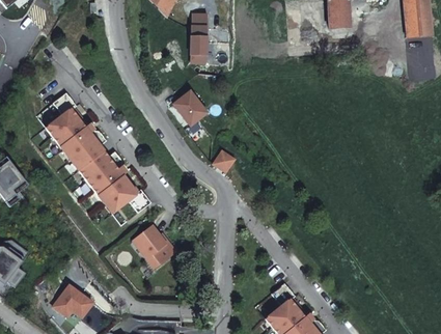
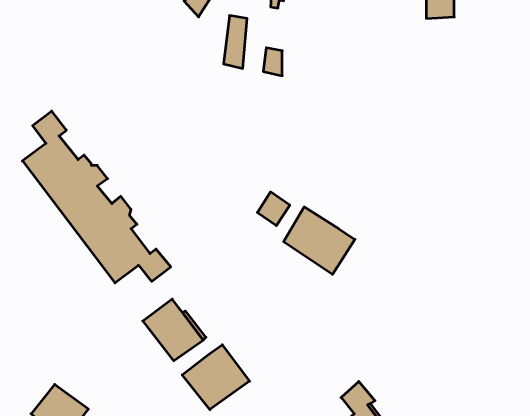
building: [170,89,205,126] -> none
building: none -> [284,207,355,274]
building: none -> [182,345,250,410]

